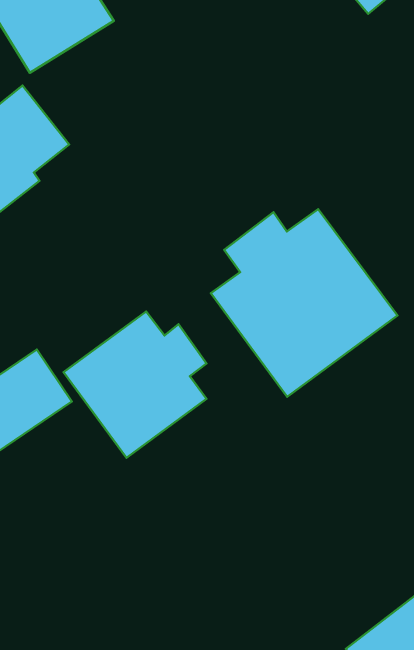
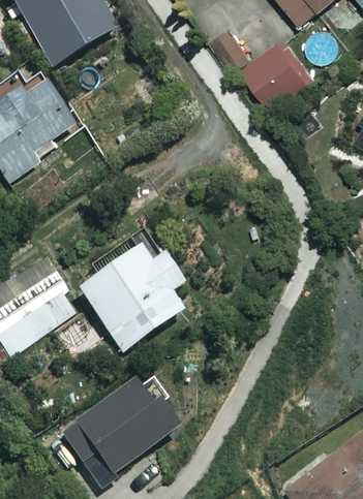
building: none -> [244,44,307,107]
building: [211,209,397,397] -> none
building: none -> [61,378,178,482]

